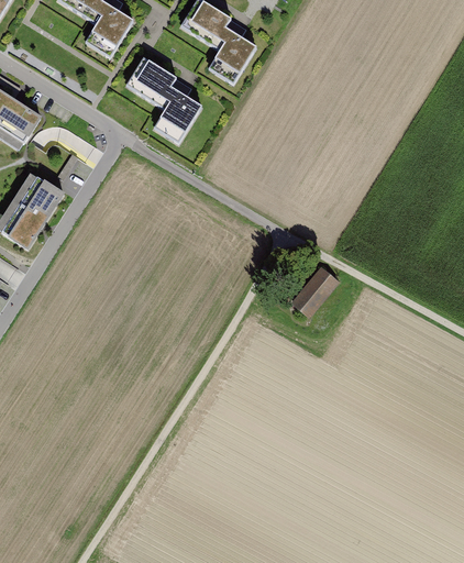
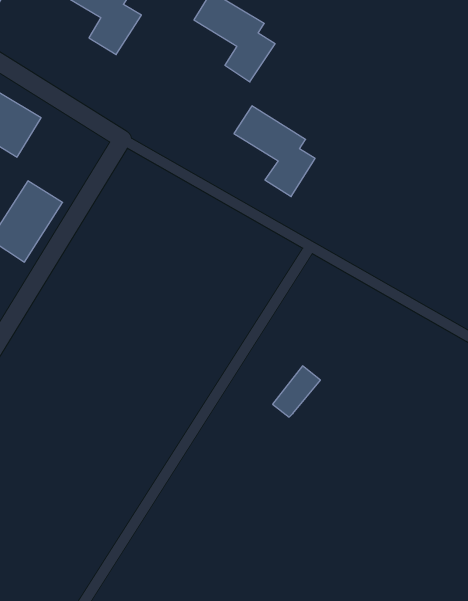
building: [126,56,201,140] -> [234,106,315,197]
building: [294,269,338,317] -> [273,366,320,417]

